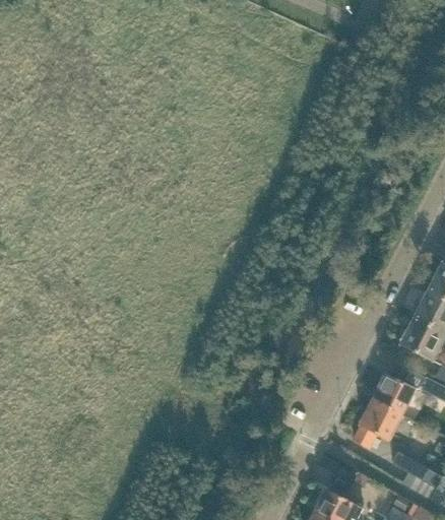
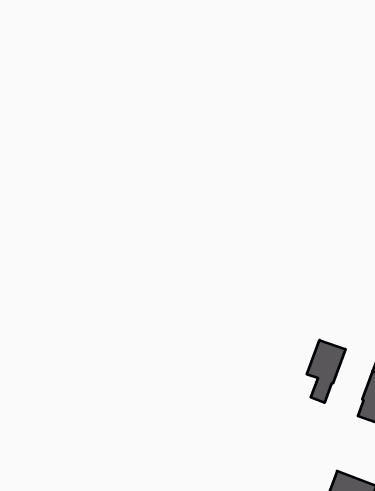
building: none -> [307,340,345,403]

